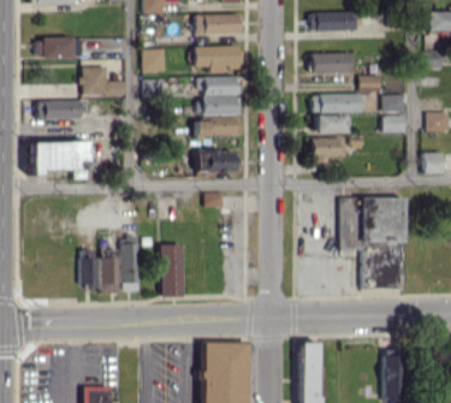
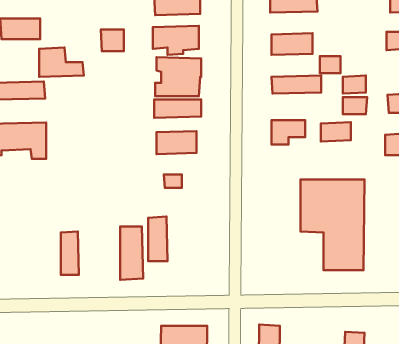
building: [316,114,346,134] -> [321,122,351,142]
building: [123,238,142,283] -> [148,217,168,261]
building: [82,250,99,288] -> none

